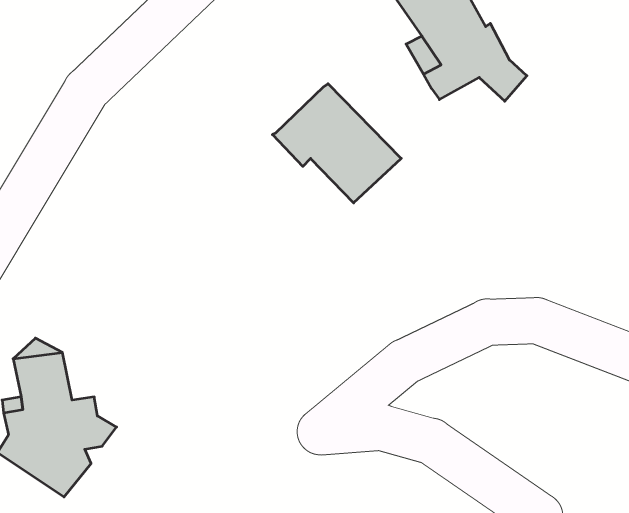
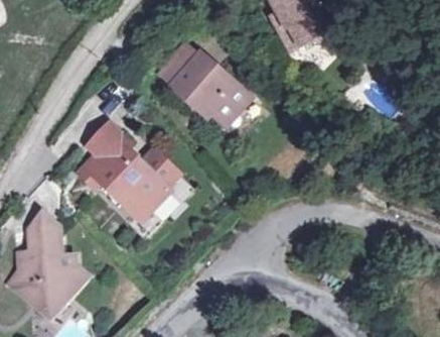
building: none -> [171,44,215,88]
building: none -> [76,121,179,211]

